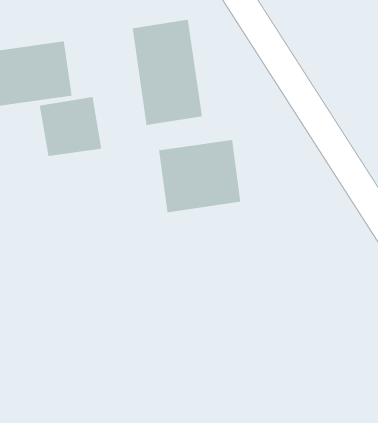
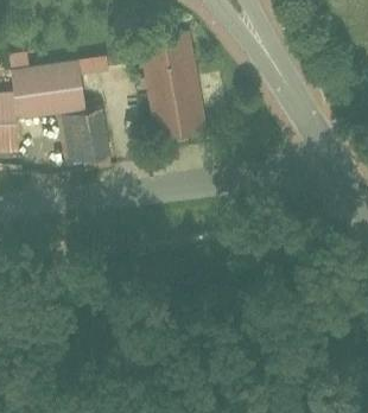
building: [158,139,241,213] -> none

